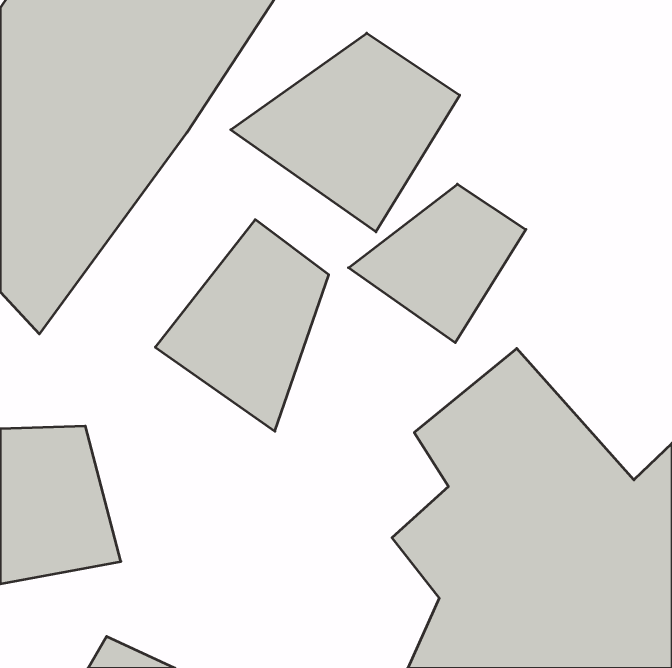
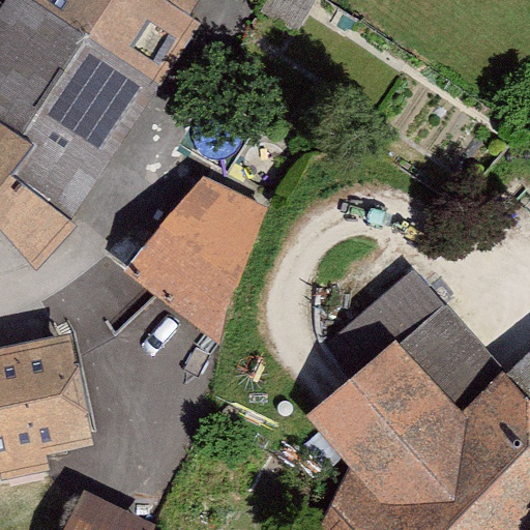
building: [231,33,460,232] -> none
building: [348,184,526,343] -> none

